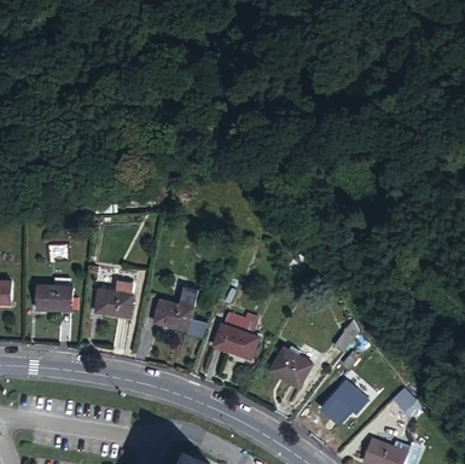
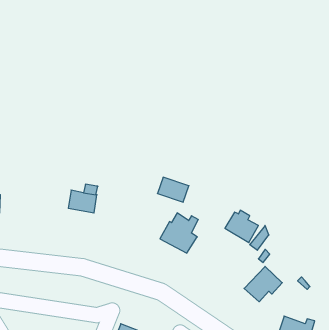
building: [39,282,75,307] -> none
building: [157,297,197,329] -> [157,177,189,202]
building: [267,350,309,392] -> [225,210,258,243]

